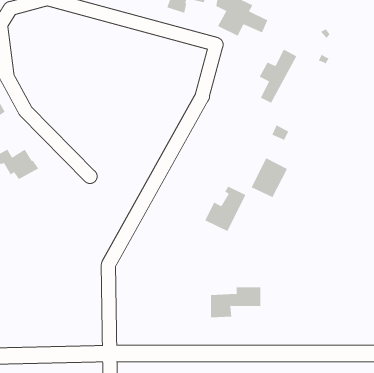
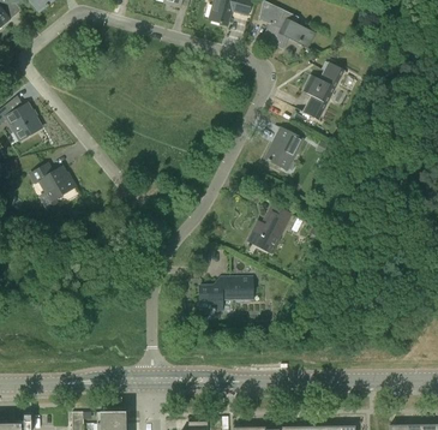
building: [251,157,288,198] -> [264,127,302,169]
building: [210,287,261,318] -> [199,277,252,310]

